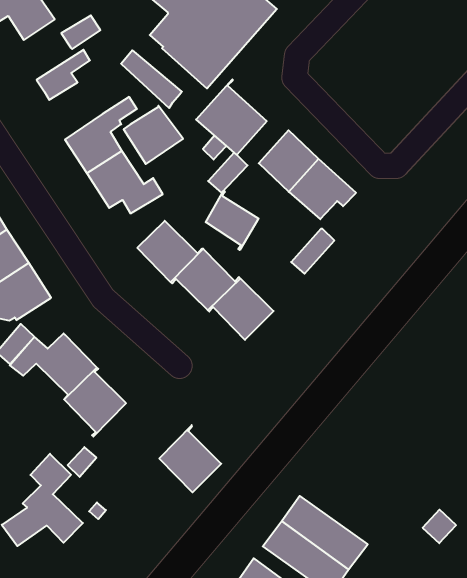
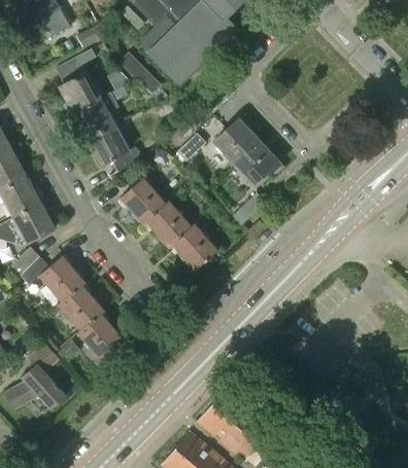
building: [196,79,267,155] -> none
building: [124,106,183,164] -> [59,71,102,113]
building: [206,191,259,250] -> none
building: [159,425,221,492] -> [78,310,124,359]

